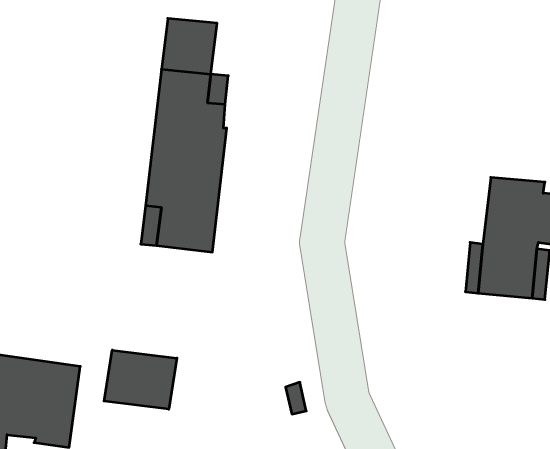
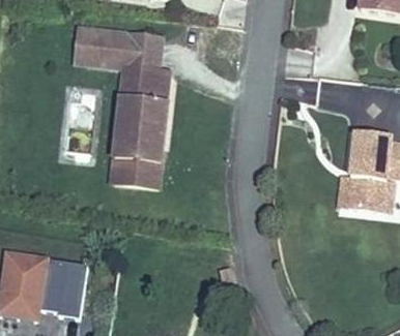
building: none -> [87,28,140,67]
building: [104,350,177,409] -> none

